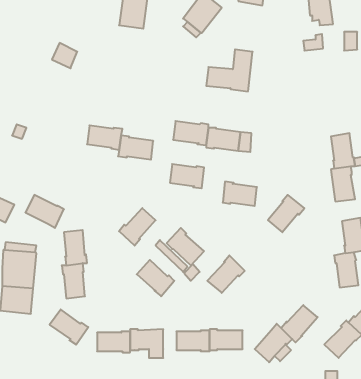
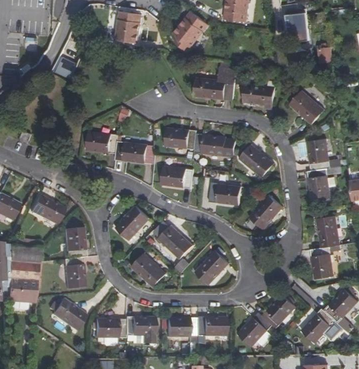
building: none -> [243,84,274,109]
building: none -> [289,90,324,124]
building: none -> [238,144,273,177]

